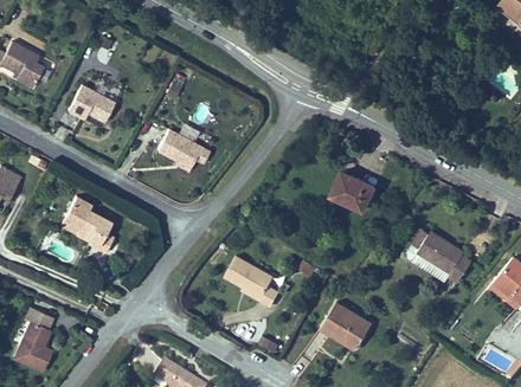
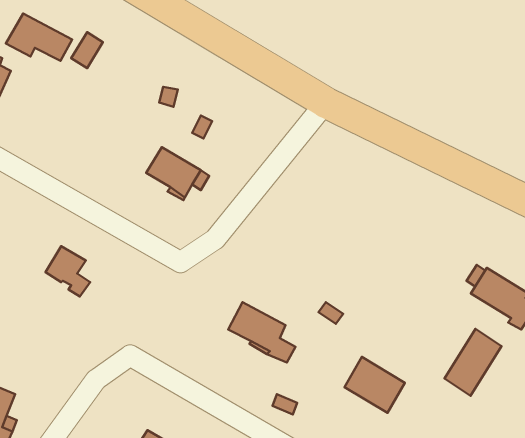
building: [72,86,127,125] -> [6,13,72,61]
building: [333,170,378,209] -> none
building: none -> [445,329,501,396]

